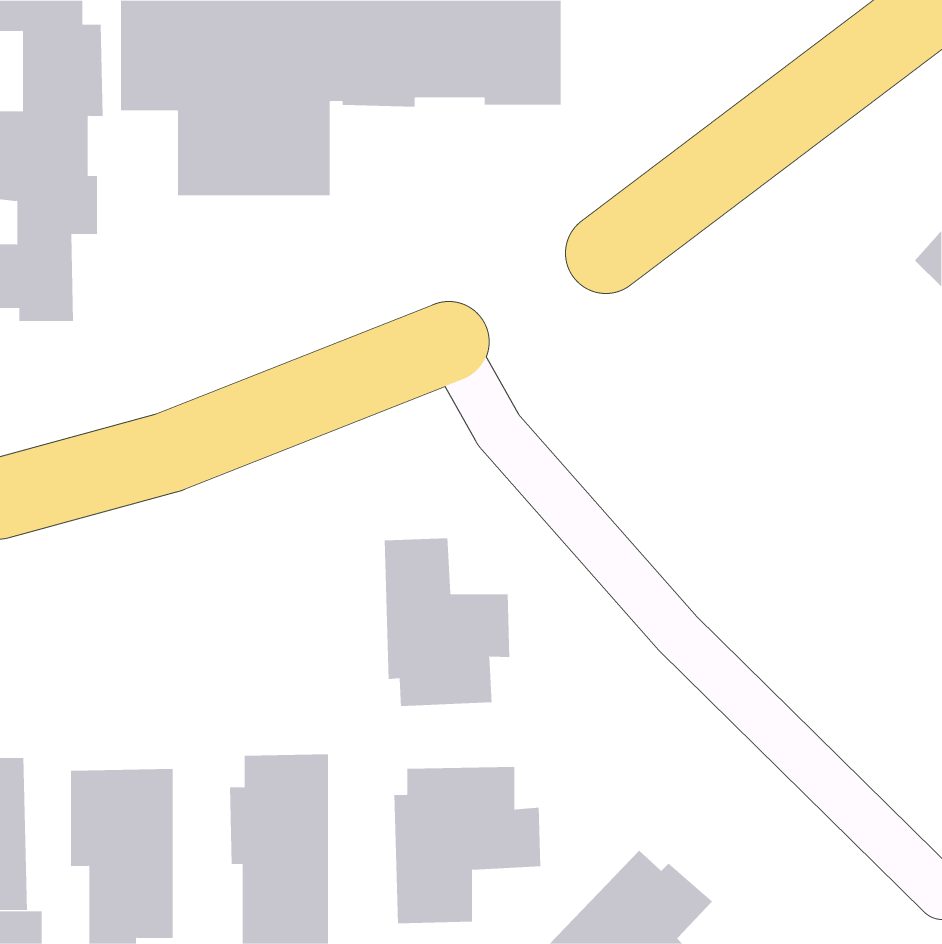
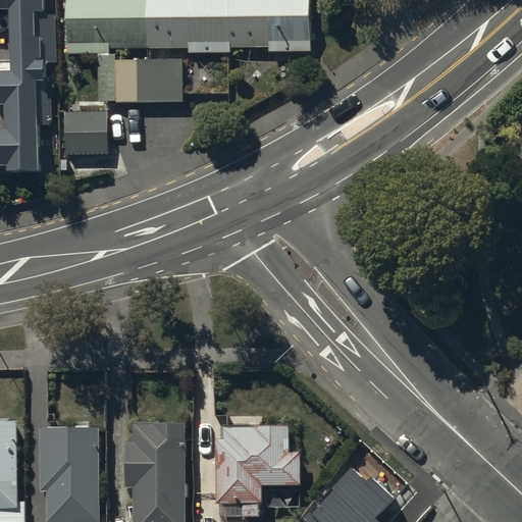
building: none -> [62,117,107,160]
building: [384,538,510,707] -> none

